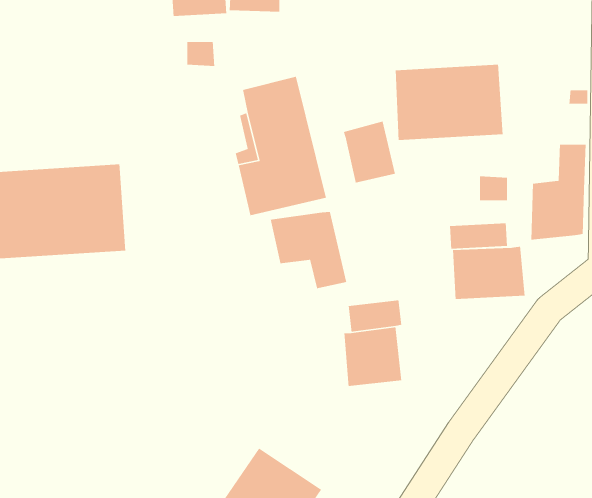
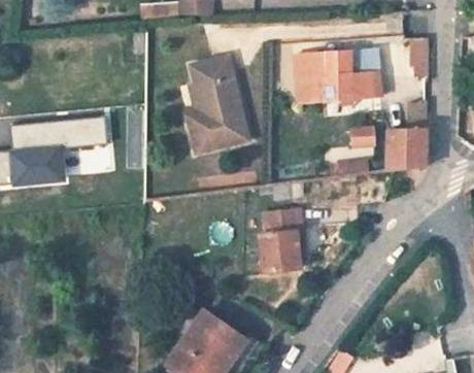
building: [343,121,396,184] -> none
building: [270,211,347,289] -> none
building: [452,246,525,300] -> none

